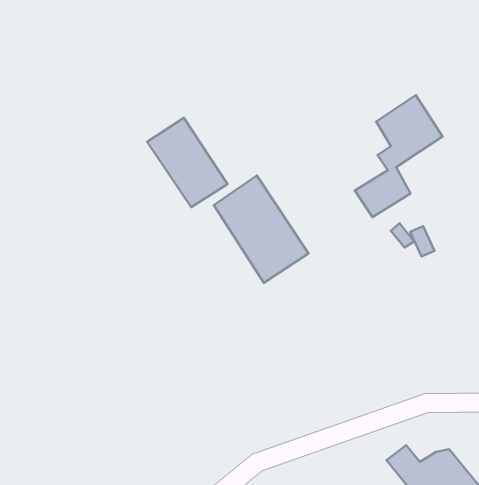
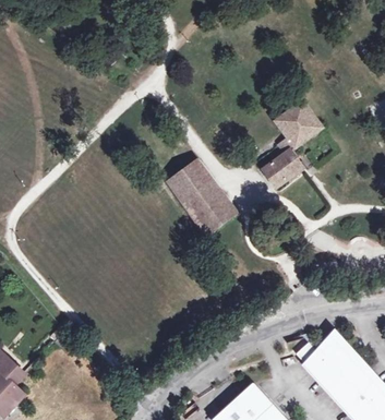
building: [147,118,227,207] -> none

